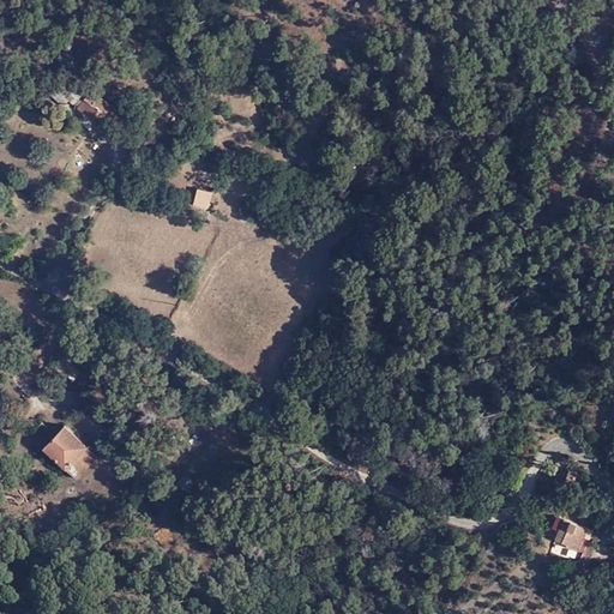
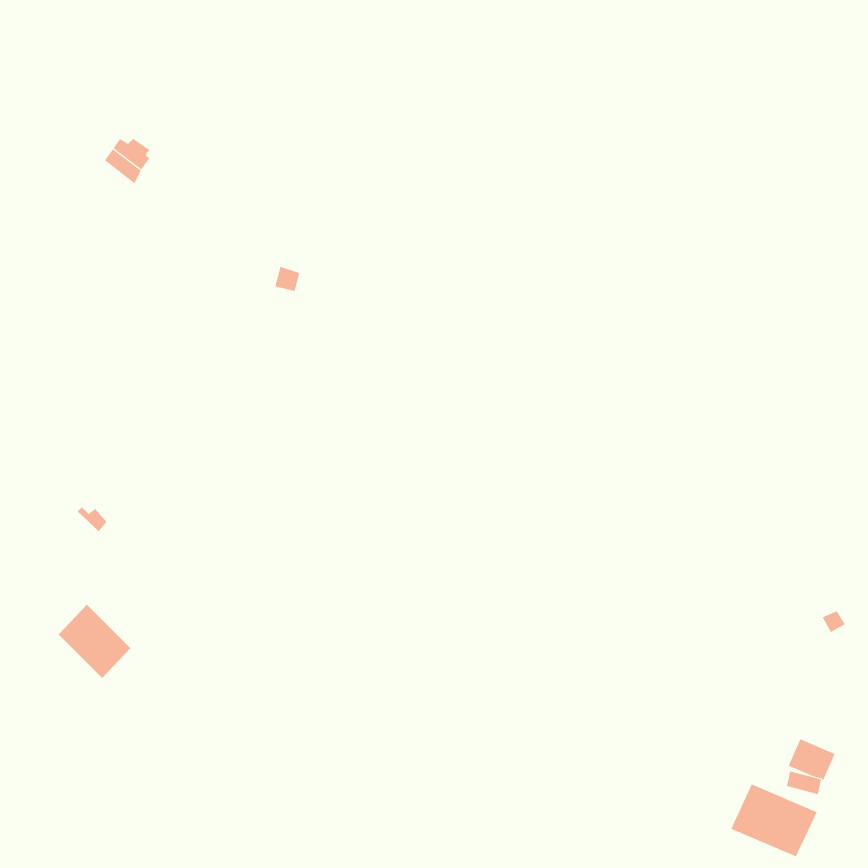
building: none -> [730,783,817,857]

